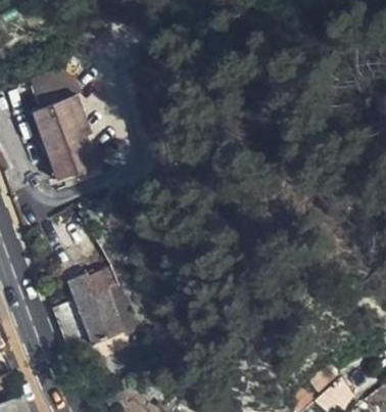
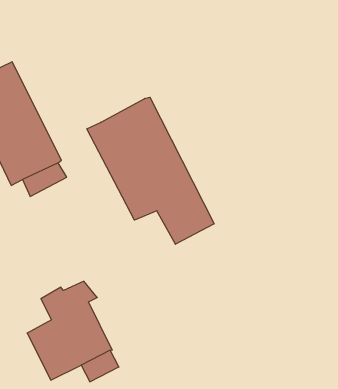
building: none -> [87,97,214,244]

